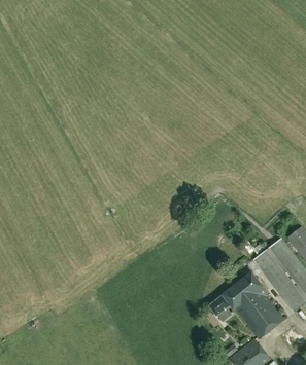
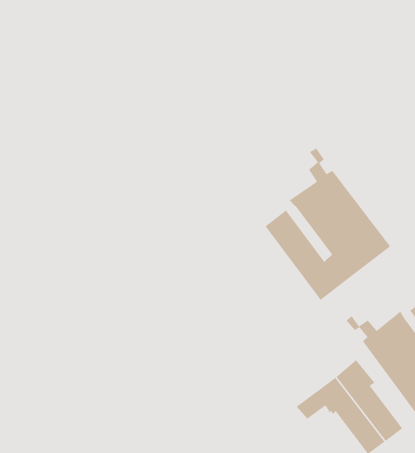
building: none -> [265,147,391,301]

